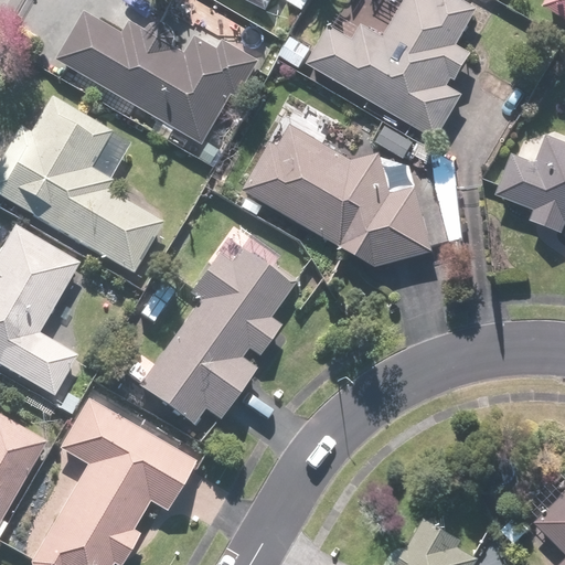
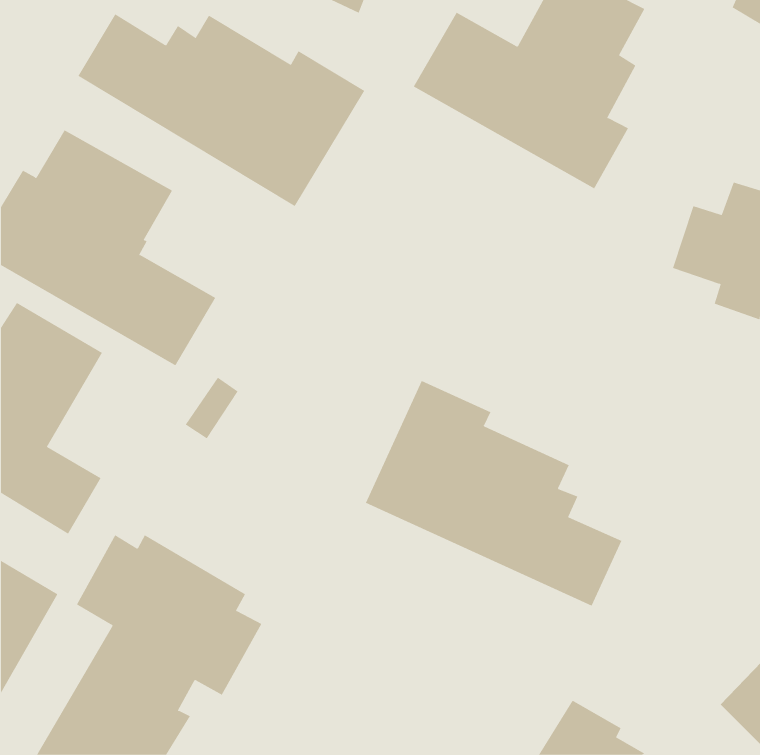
building: [241,116,436,270] -> none
building: [142,245,294,426] -> none
building: none -> [365,380,622,606]

